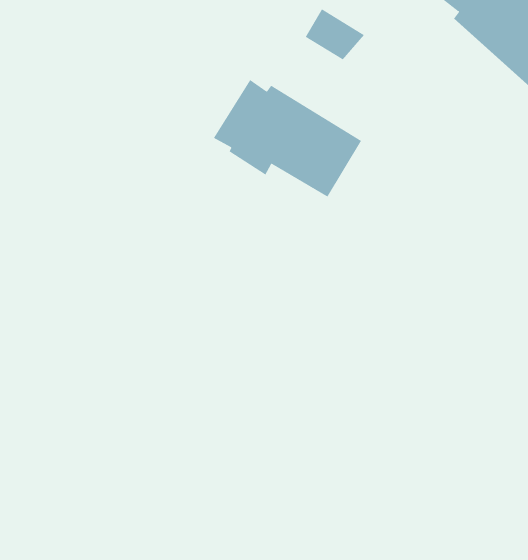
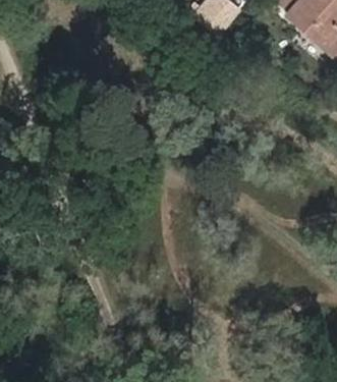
building: [213,79,362,197] -> none

